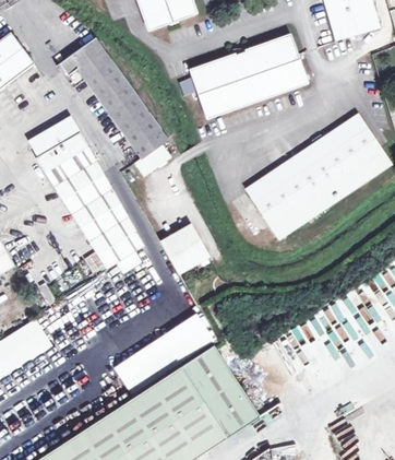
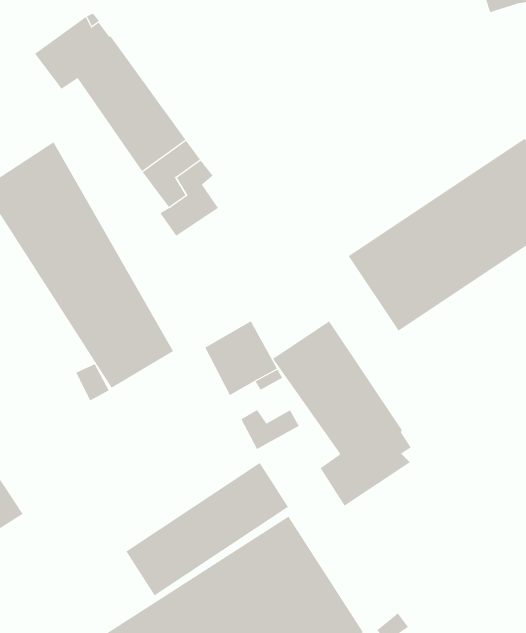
building: [189,36,307,118] -> none
building: none -> [272,320,411,507]
building: none -> [240,409,299,450]

